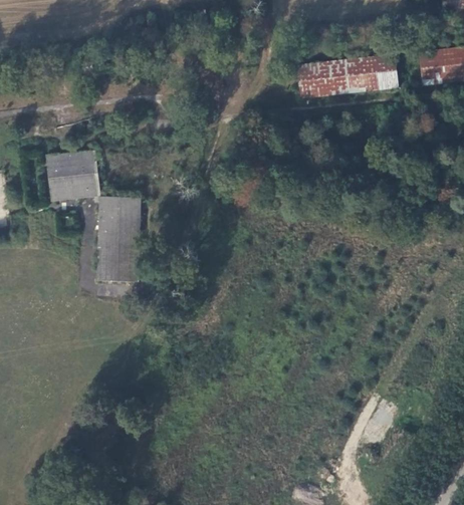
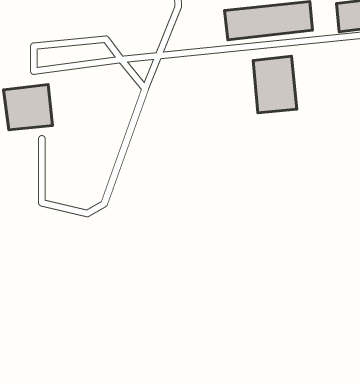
building: none -> [253,56,297,113]
building: [98,198,141,279] -> none

